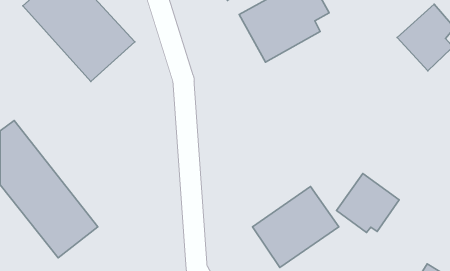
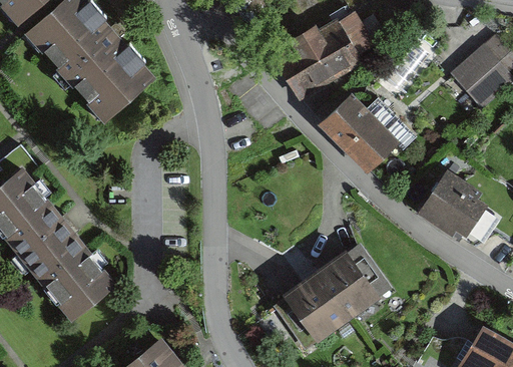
building: none -> [322,94,398,170]
building: [337,173,399,232] -> [420,171,491,239]

